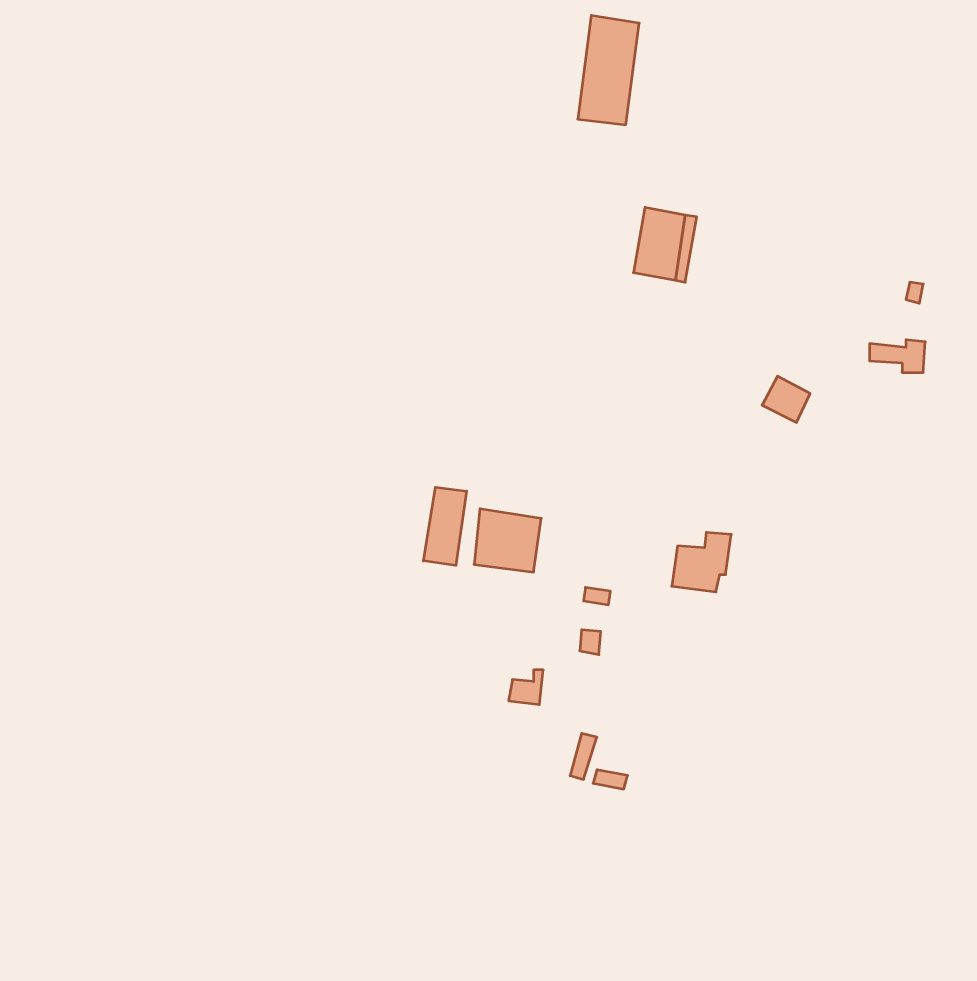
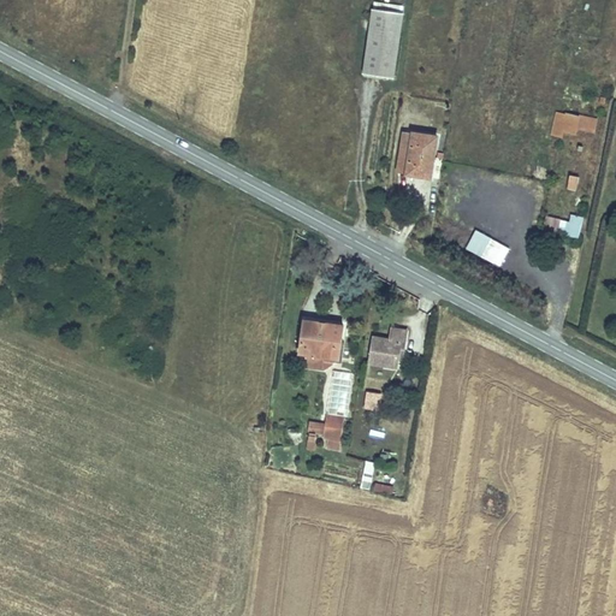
building: none -> [552,113,598,138]
building: [423,487,467,565] -> none
building: [672,532,731,592] -> [368,332,405,369]

